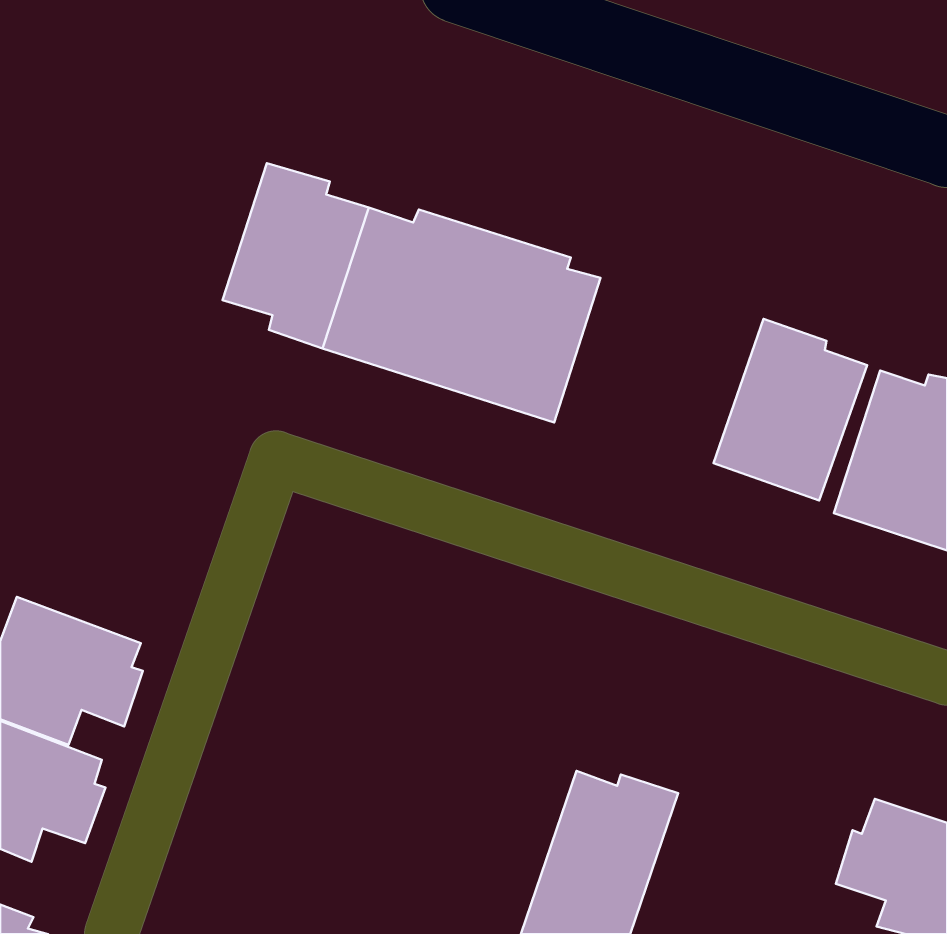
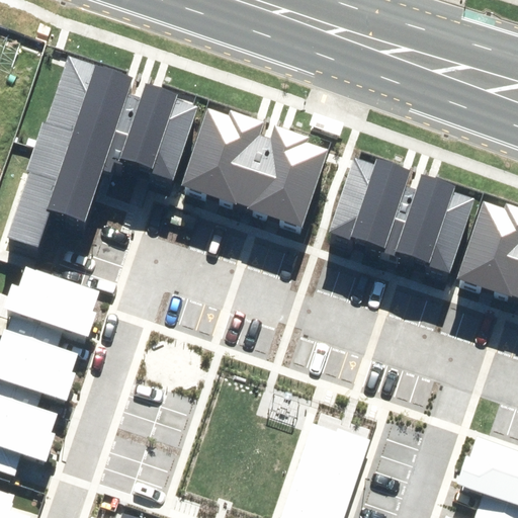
building: none -> [4,57,138,250]
building: none -> [327,158,413,253]
building: none -> [7,261,98,341]

